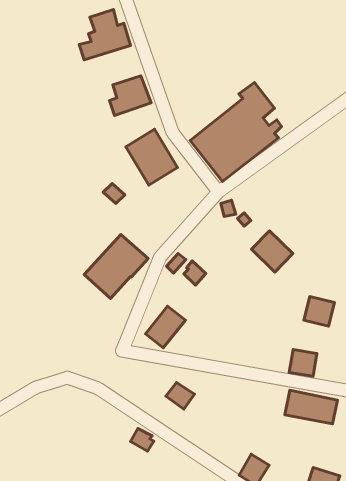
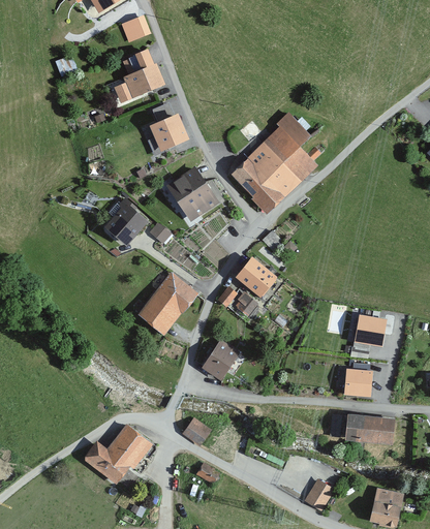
building: none -> [105,198,148,245]
building: [251,231,293,272] -> [236,256,277,297]
building: [166,382,194,409] -> [183,418,211,444]
building: none -> [83,424,152,484]

